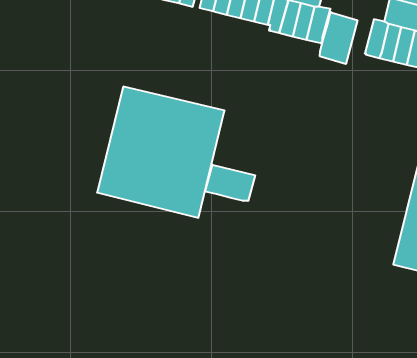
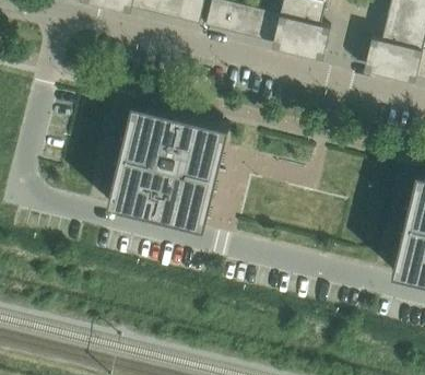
building: [320,12,357,64] -> none
building: [205,165,255,201] -> none

